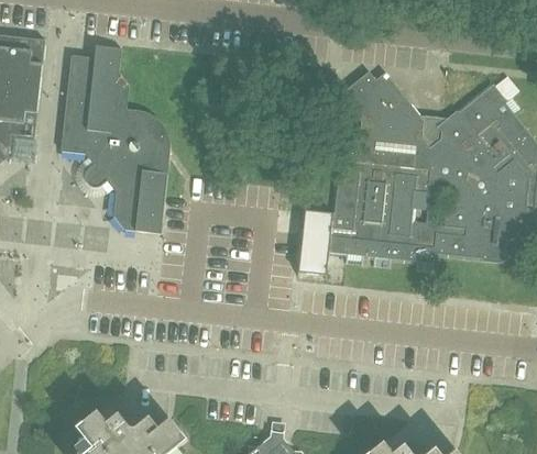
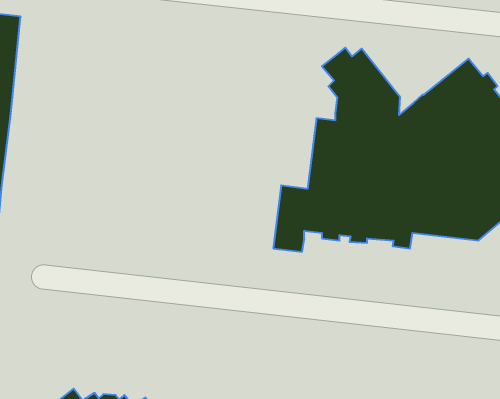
building: [59,44,169,232] -> none

